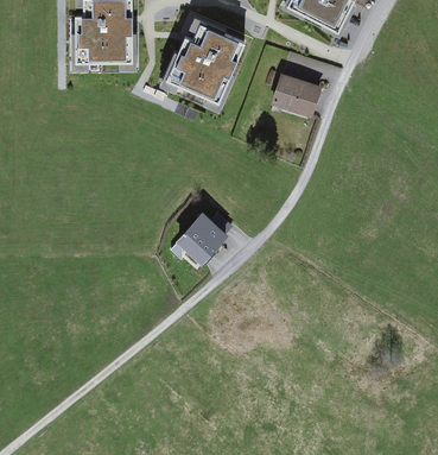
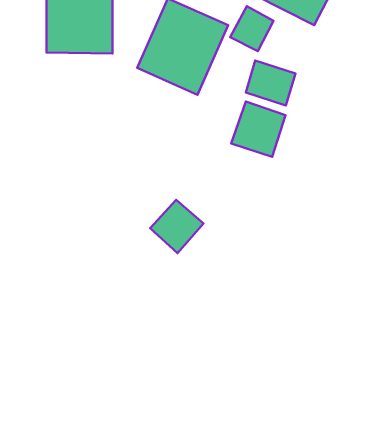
building: none -> [230,6,273,51]
building: none -> [231,101,286,157]

